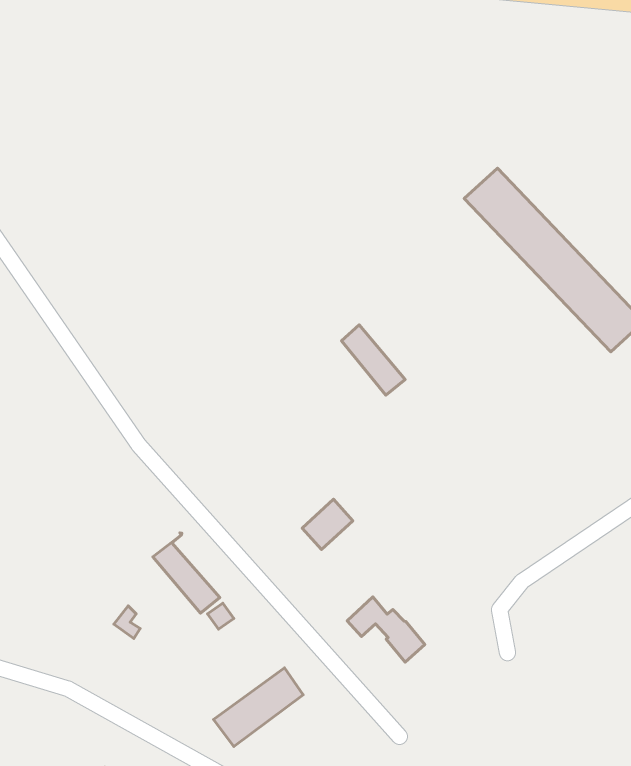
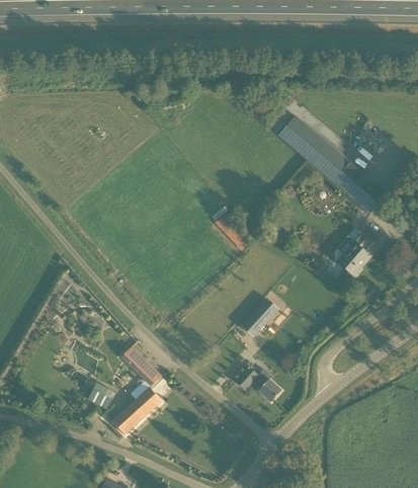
building: none -> [337,234,369,275]
building: [302,499,353,550] -> [246,303,274,332]
building: [214,668,303,747] -> [111,387,161,434]

